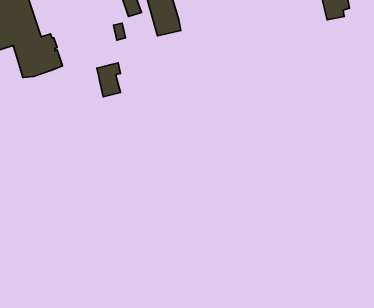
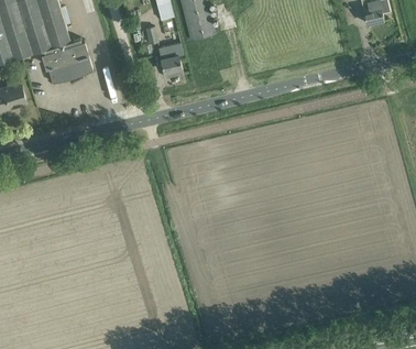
building: [97,63,120,97] -> [158,42,183,77]

